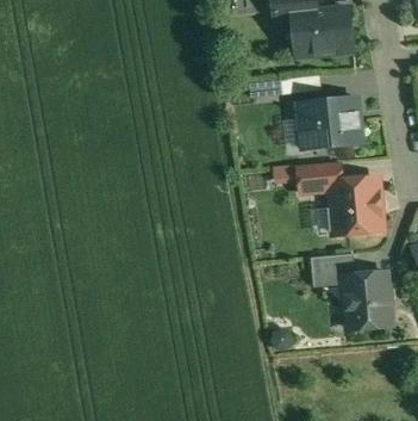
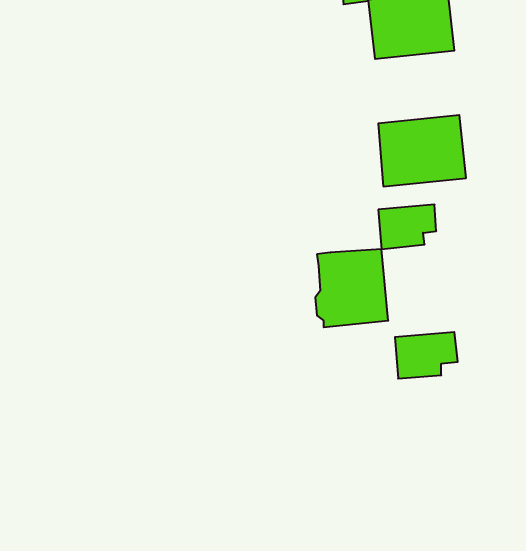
building: [330,179,382,235] -> [315,249,388,327]
building: [344,272,392,329] -> none

